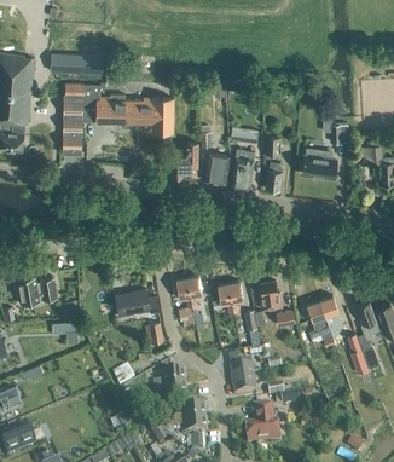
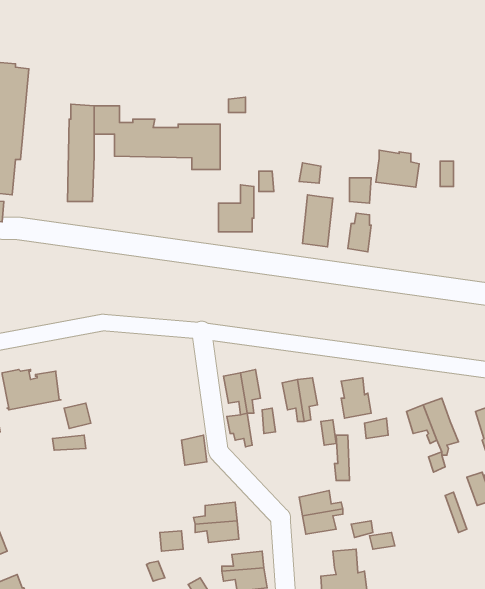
building: [51,53,102,73] -> none
building: [303,150,335,177] -> [376,150,419,187]
building: [204,154,230,184] -> none
building: [116,289,160,314] -> none

